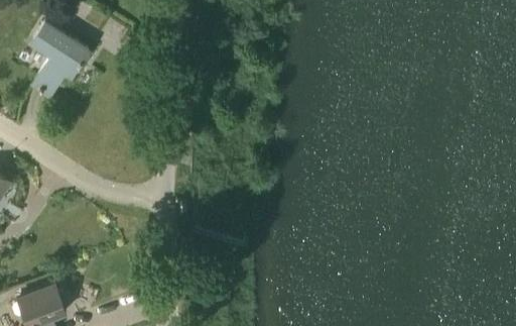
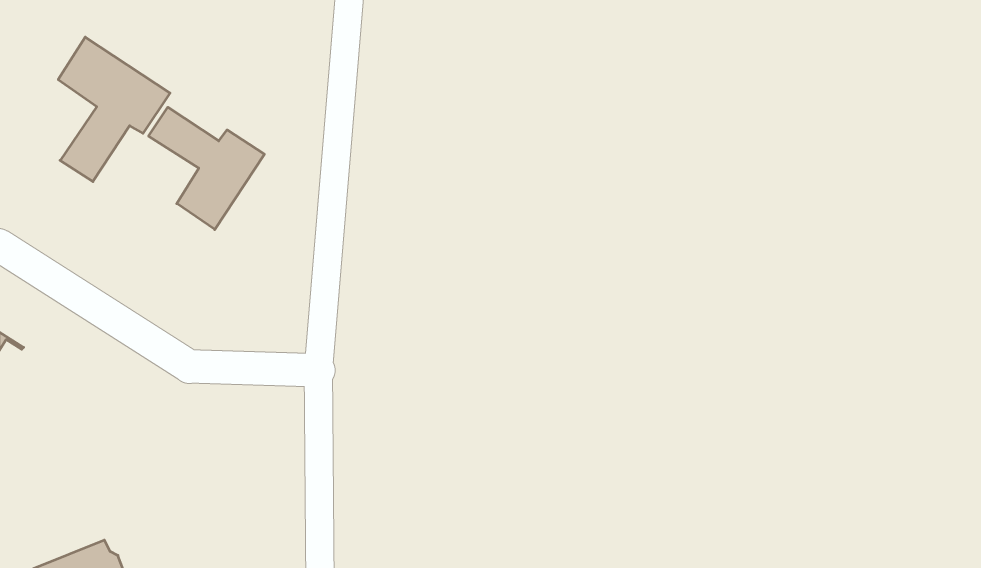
building: none -> [149,107,264,230]

